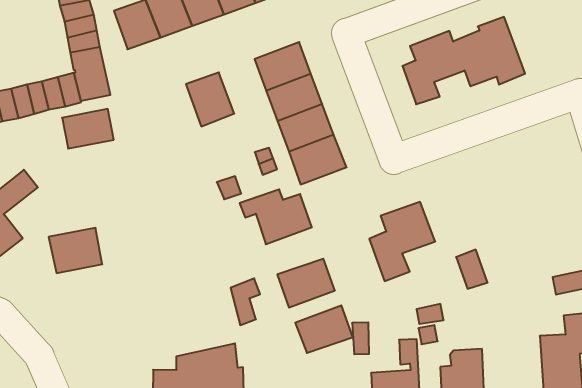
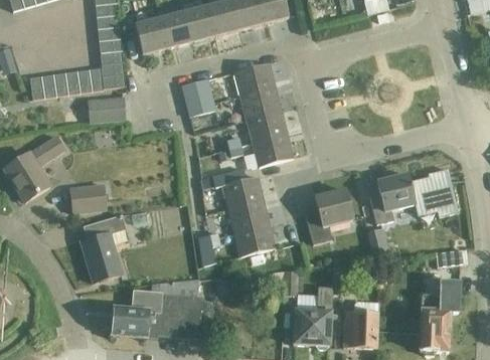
building: [402,17,525,104] -> [368,167,458,224]
building: none -> [81,213,129,282]
building: [295,305,353,353] -> [228,198,270,230]

